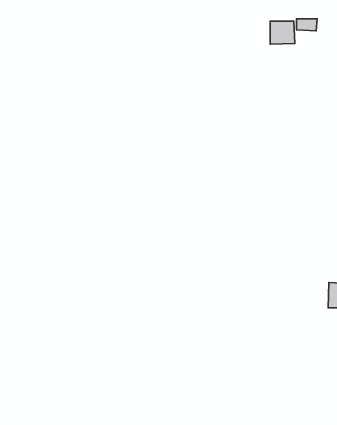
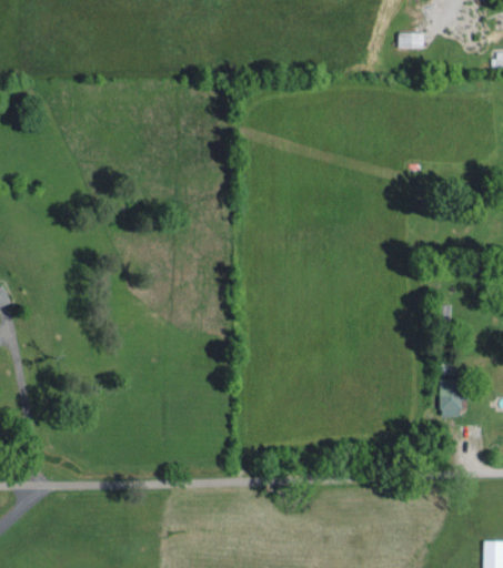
building: [270,21,295,44] -> none

